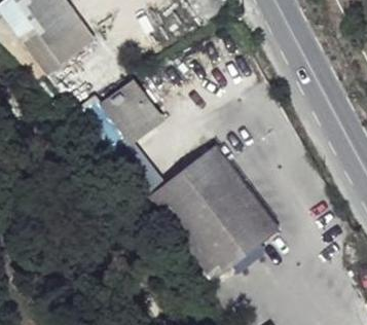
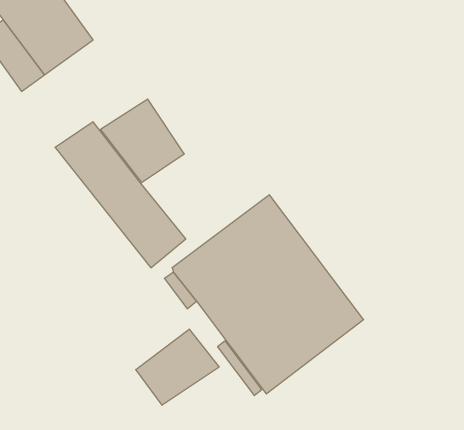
building: none -> [136,329,219,405]

